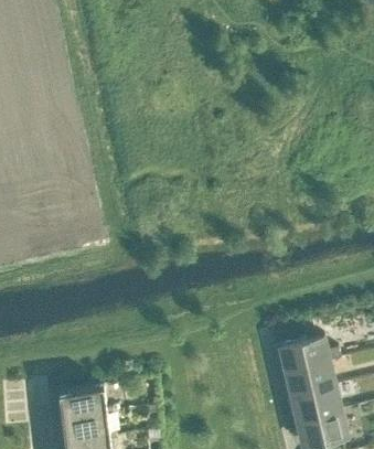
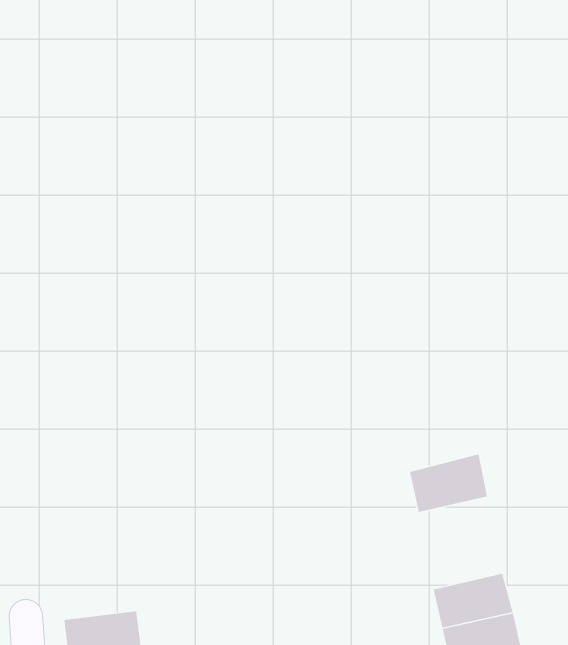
building: [280,335,329,372] -> [409,454,488,513]

